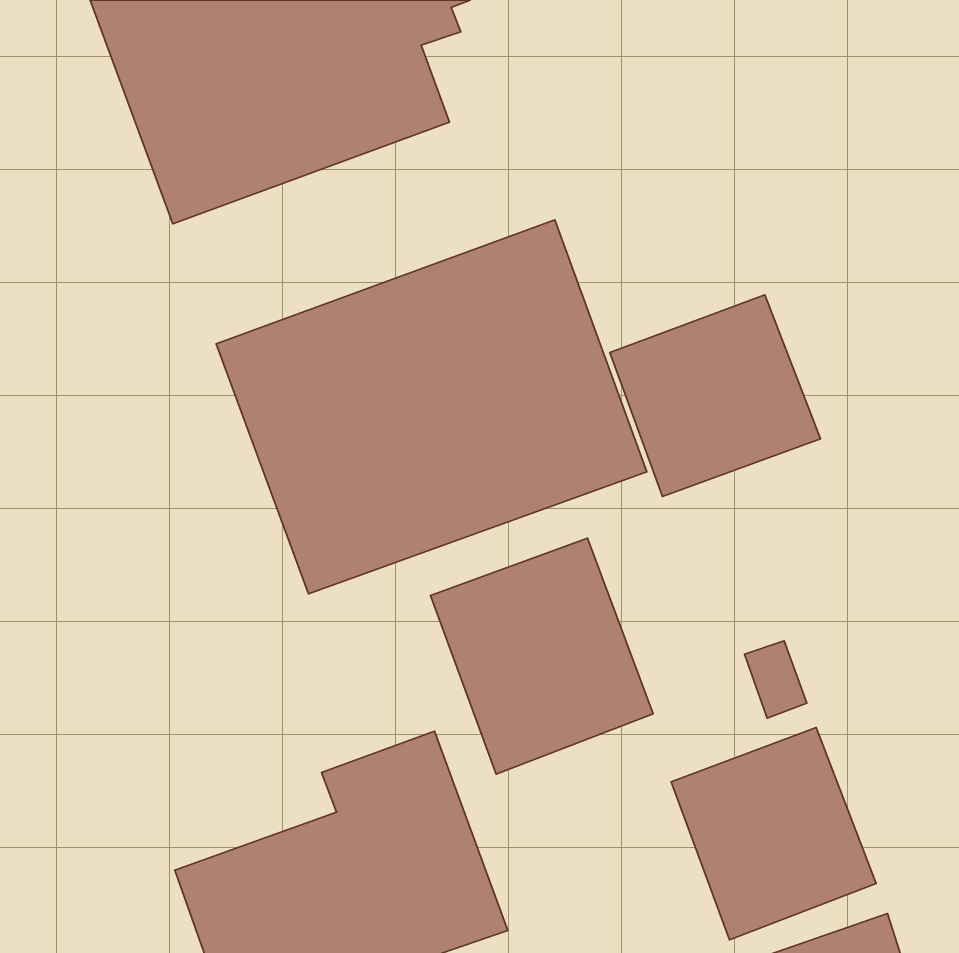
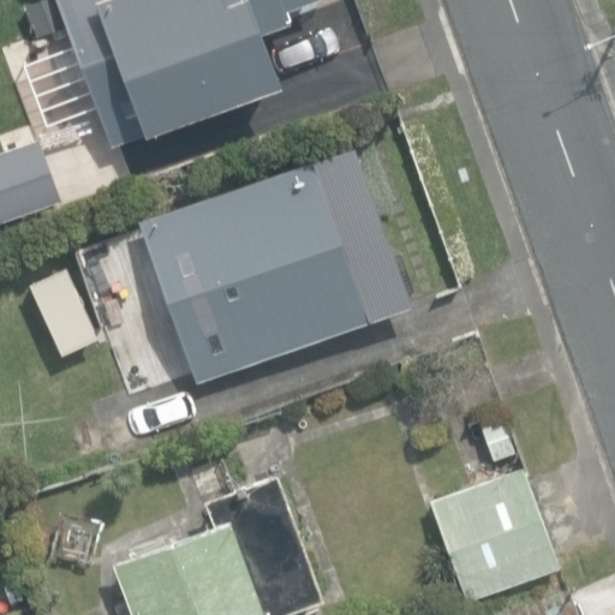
building: [610,295,820,497] -> none
building: [431,538,653,774] -> none

